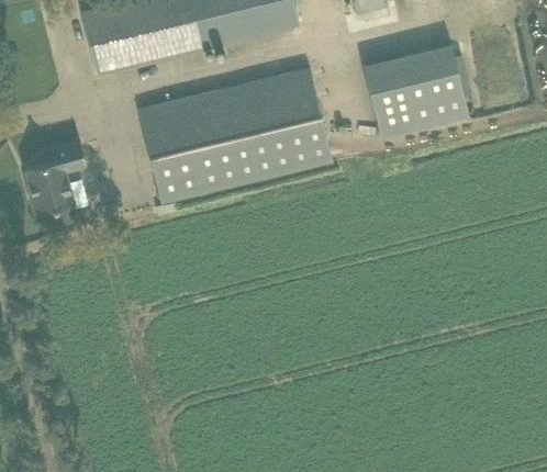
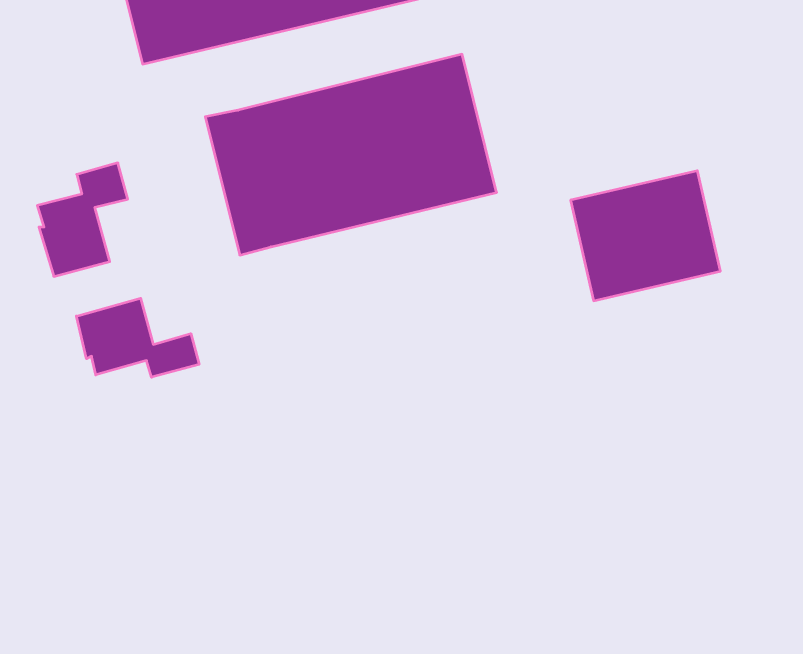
building: [368,50,468,137] -> [571,171,720,301]
building: none -> [76,298,199,377]

